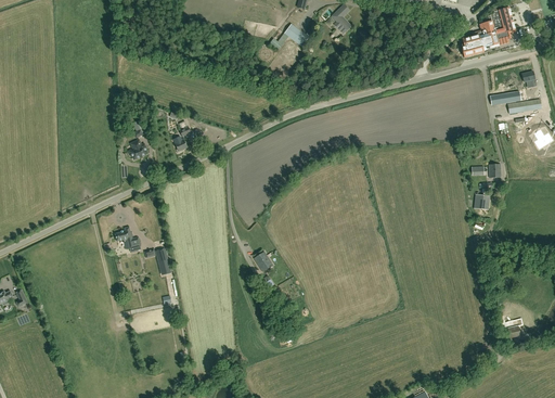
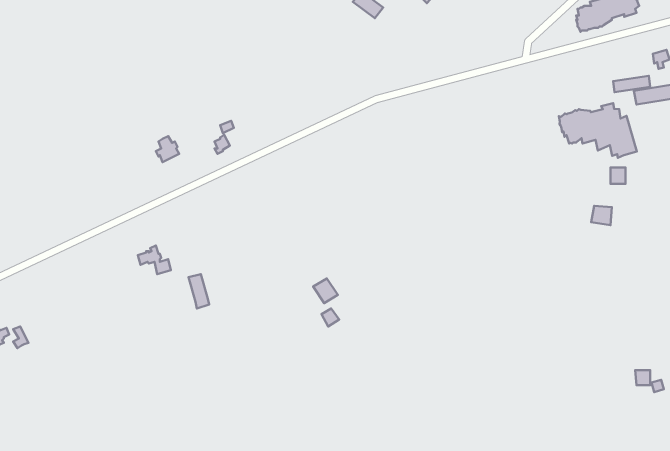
building: none -> [559,103,637,158]

